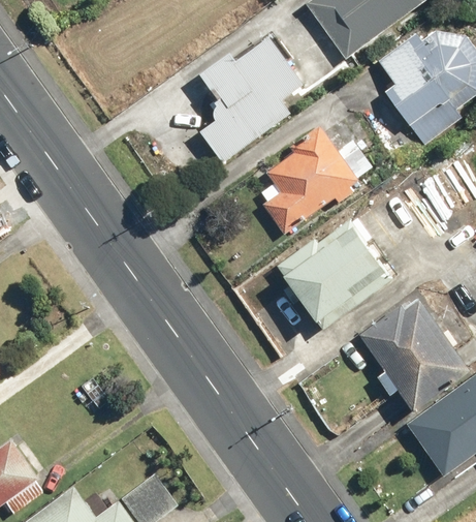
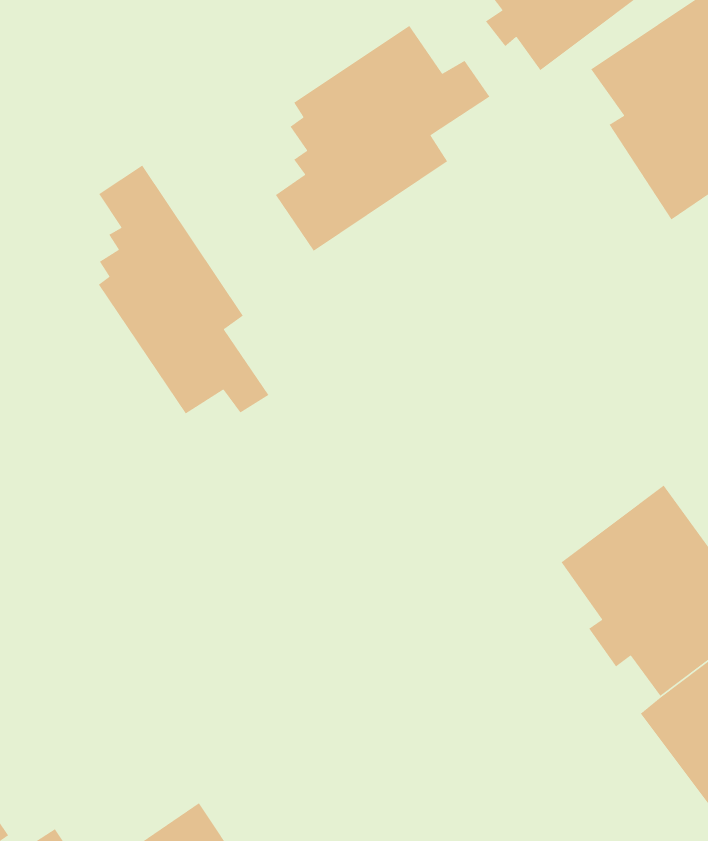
building: none -> [98,165,269,415]
building: [259,126,373,237] -> none
building: [276,219,396,331] -> none

